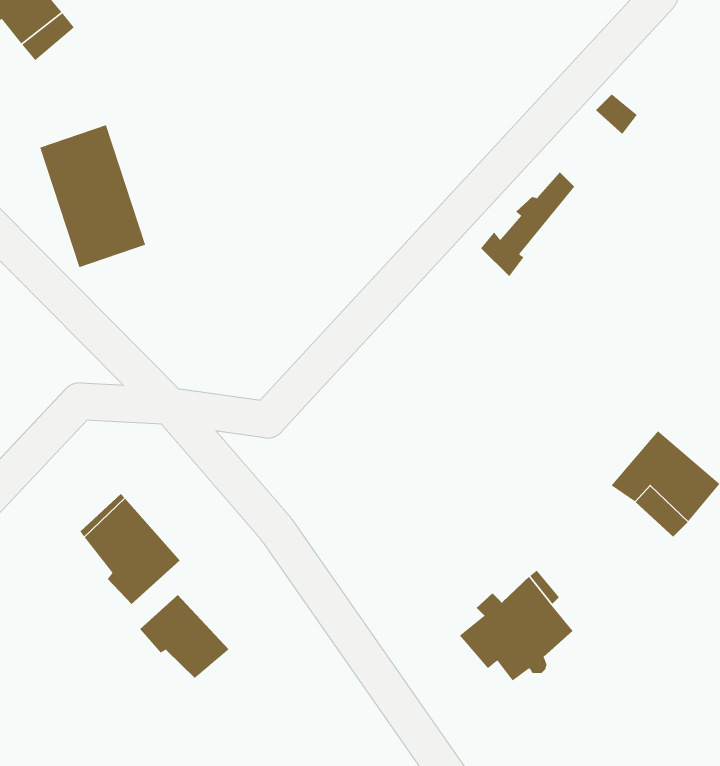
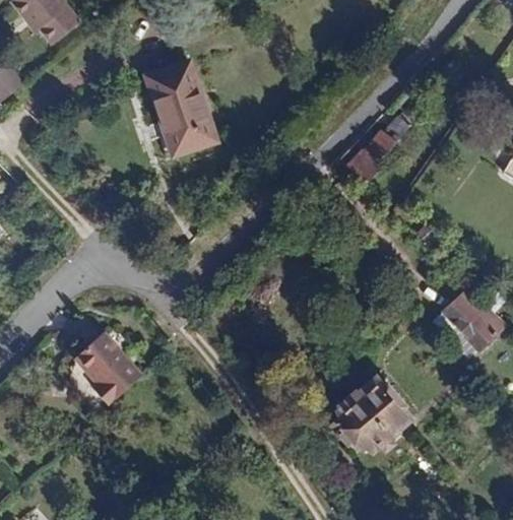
building: [39,124,146,268] -> [143,62,214,157]
building: [139,594,229,679] -> none

